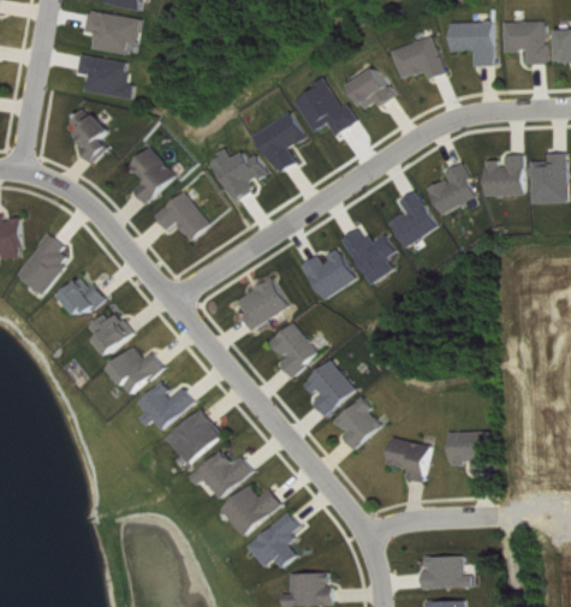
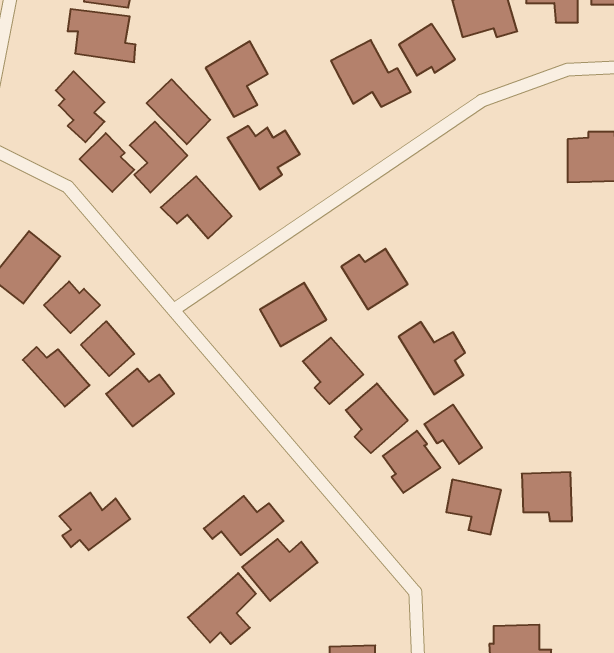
building: [251,112,302,173] -> [206,41,268,117]
building: none -> [147,79,210,144]
building: none -> [80,133,134,192]
building: [426,163,475,214] -> none
building: [386,191,434,248] -> none
building: [338,226,392,285] -> [399,322,465,394]
building: none -> [23,347,90,407]
building: none -> [424,405,482,464]
building: [136,382,194,429] -> [59,493,130,550]
building: [166,410,221,464] -> none
building: [245,511,301,569] -> [188,573,256,644]

